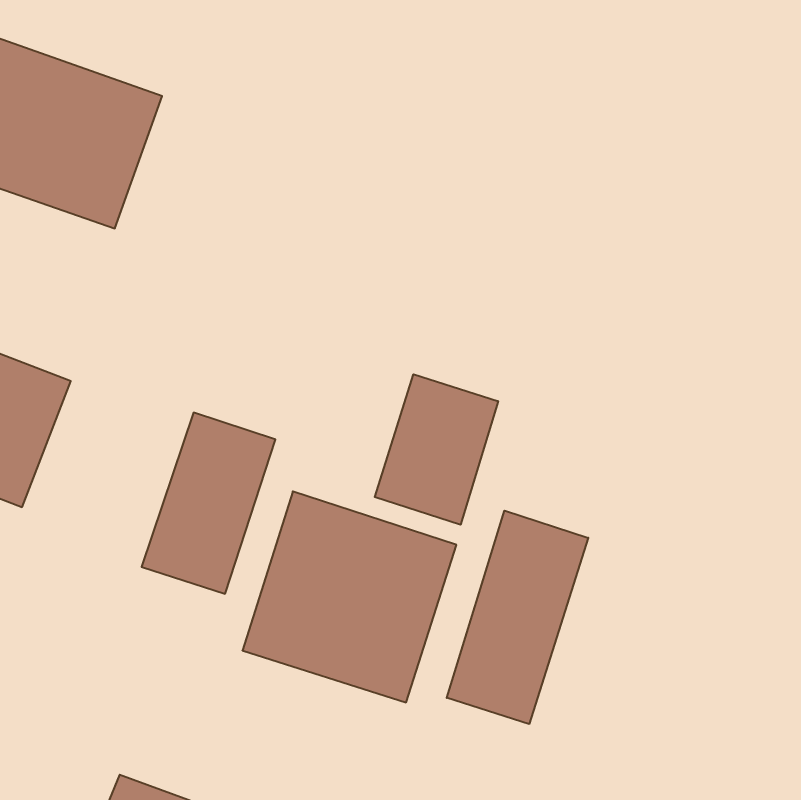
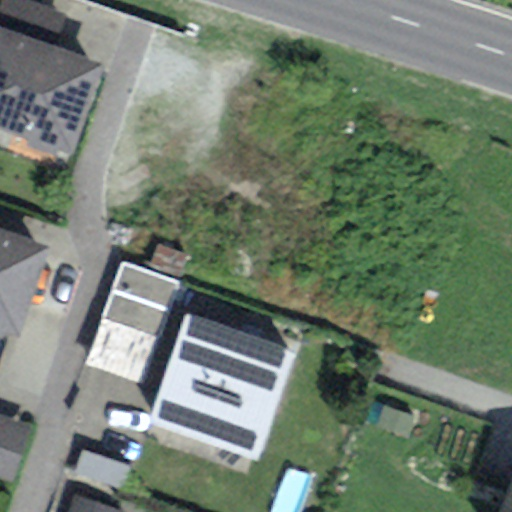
building: [375,374,498,525] -> none
building: [447,511,588,724] -> none

